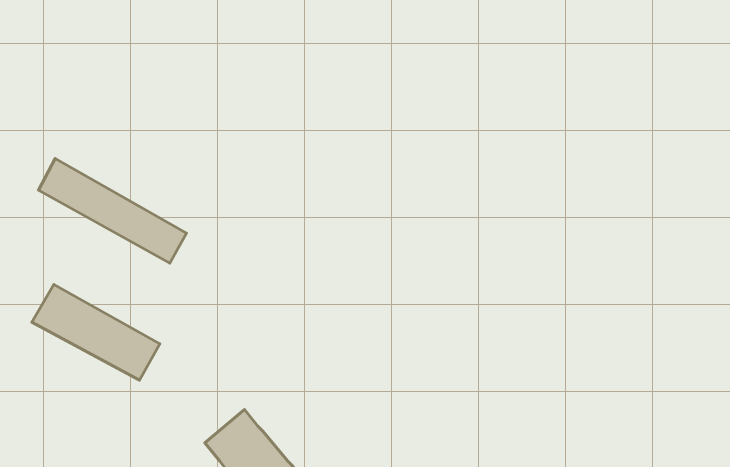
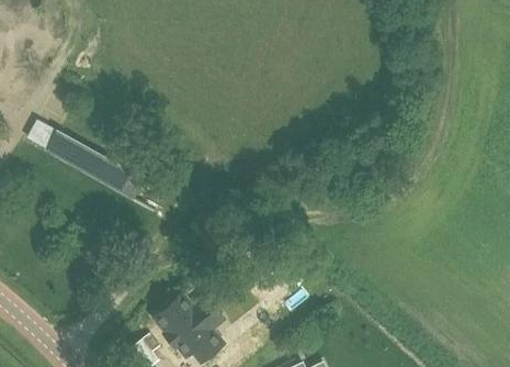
building: [32,285,160,380] -> none

